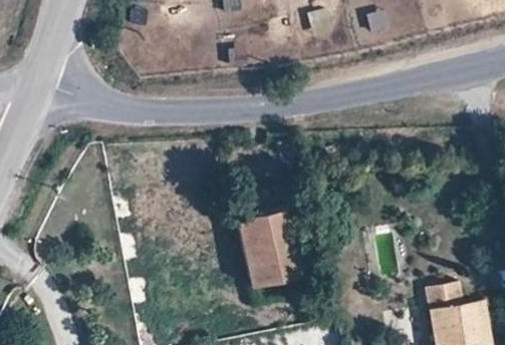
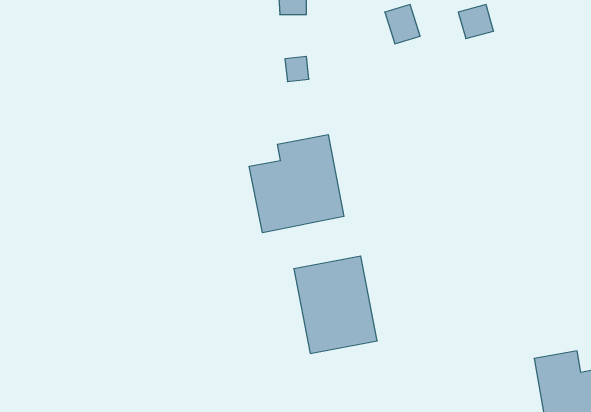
building: none -> [249,135,344,233]

